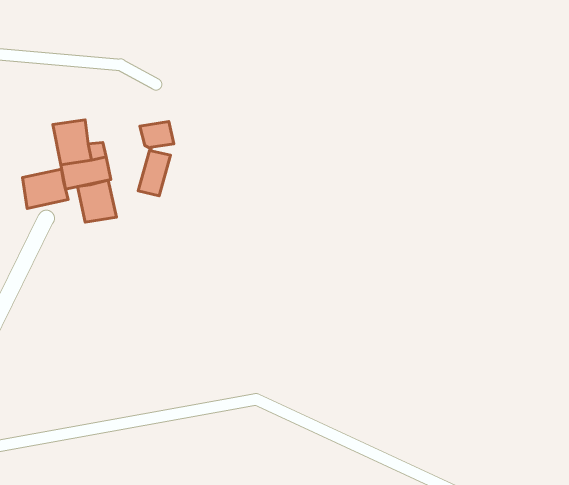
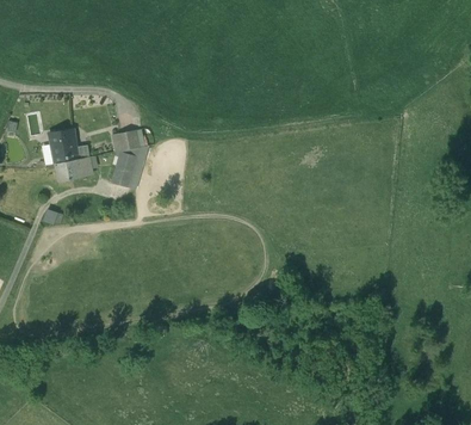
building: [23,169,68,208] -> none
building: [78,180,116,222] -> none

